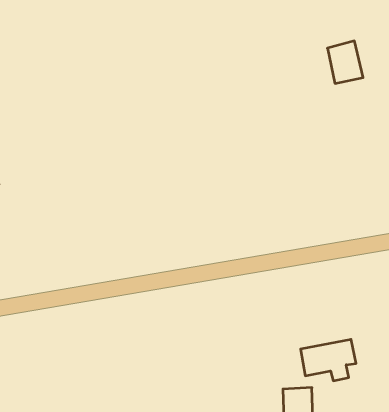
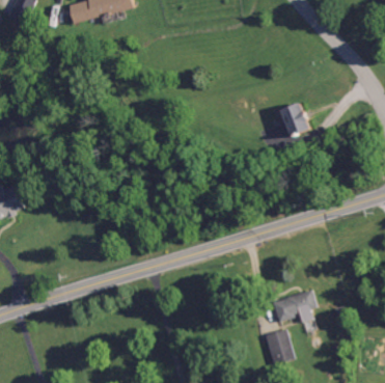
building: [327,41,363,83] -> [282,102,312,136]

